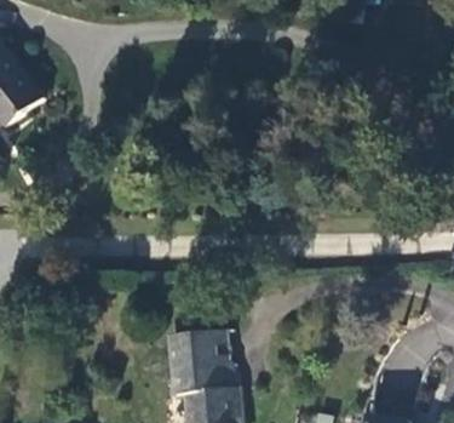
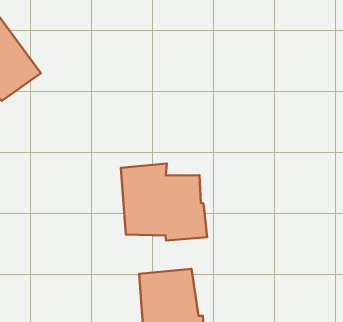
building: none -> [121,163,207,241]

